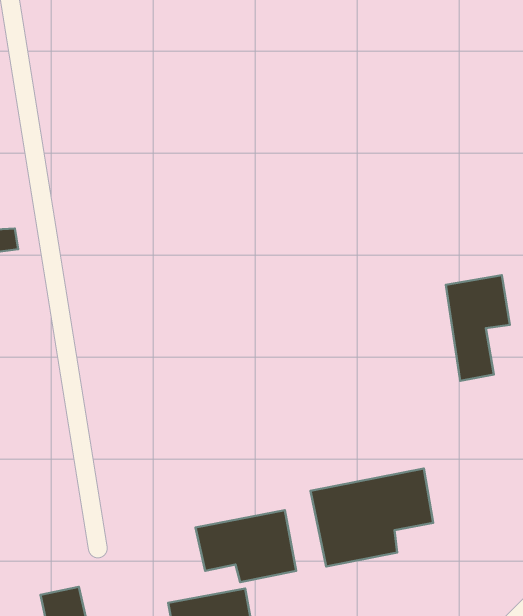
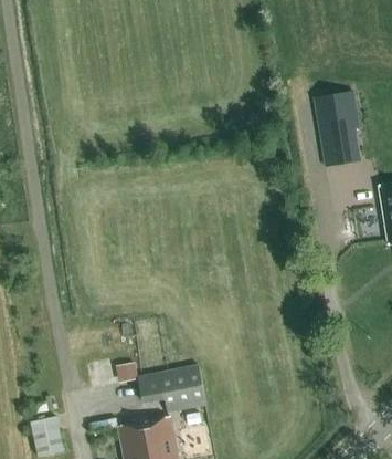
building: [446,275,510,381] -> [314,90,358,163]
building: [311,468,433,566] -> none

